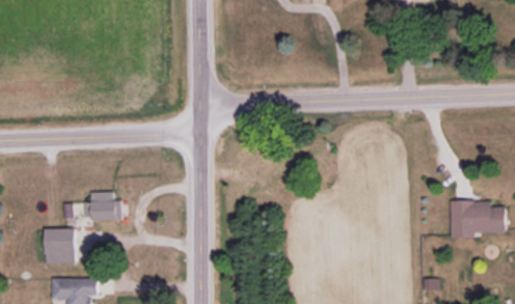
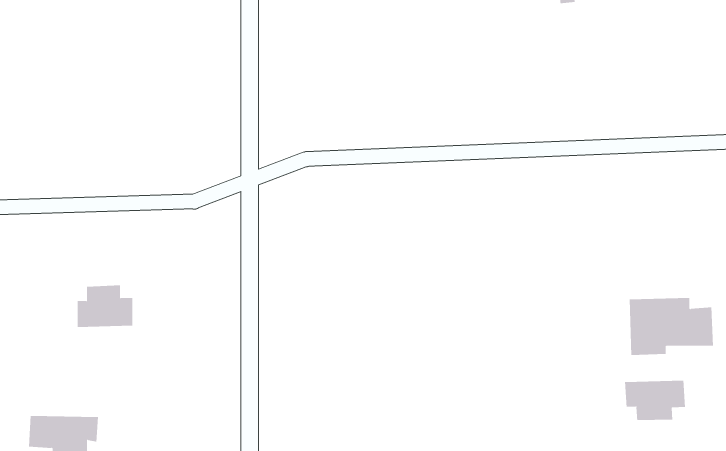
building: [44,228,75,265] -> none
building: none -> [625,380,685,421]

